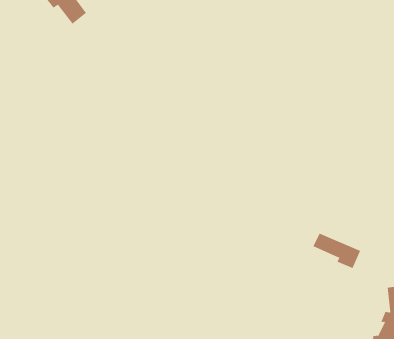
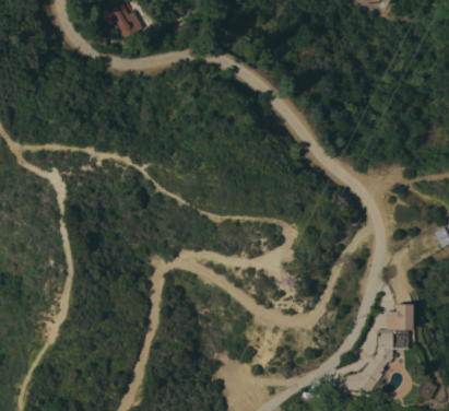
building: [313,233,361,269] -> none

